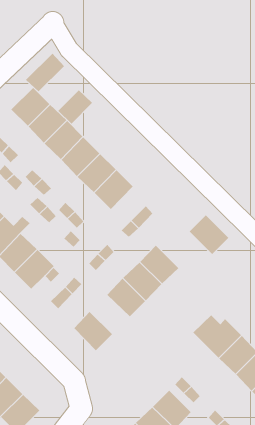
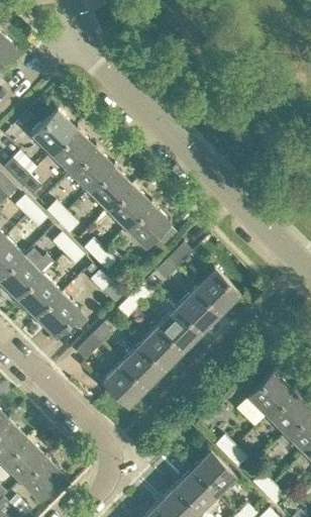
building: [25,53,65,92] -> none
building: [57,89,93,124] -> none
building: [189,215,229,255] -> [195,269,240,314]
building: none -> [120,344,166,389]

